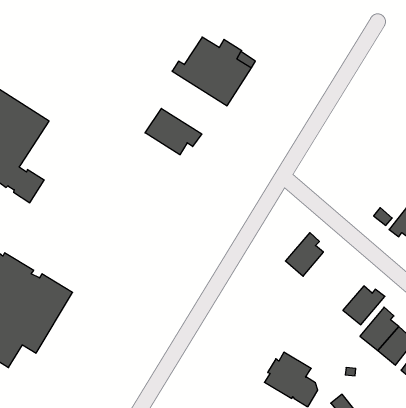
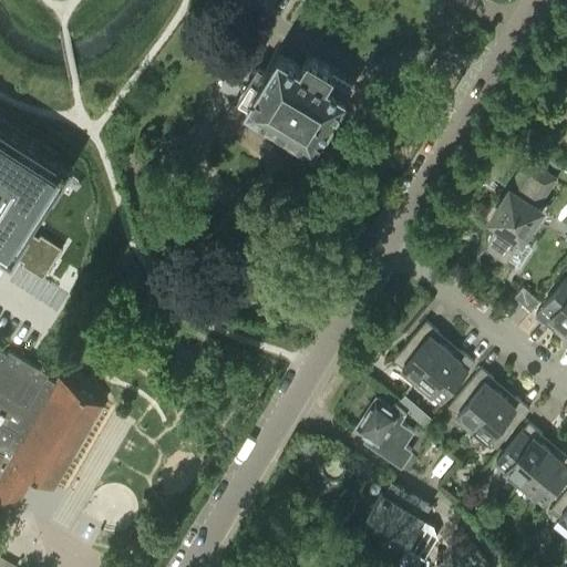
building: [145,108,202,155] -> none
building: none -> [487,168,551,272]
building: none -> [417,352,474,405]
building: none -> [447,372,501,432]
building: none -> [355,403,413,470]

